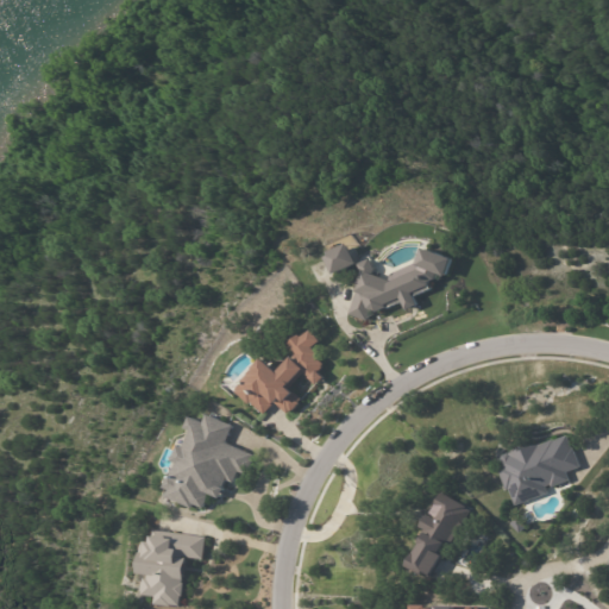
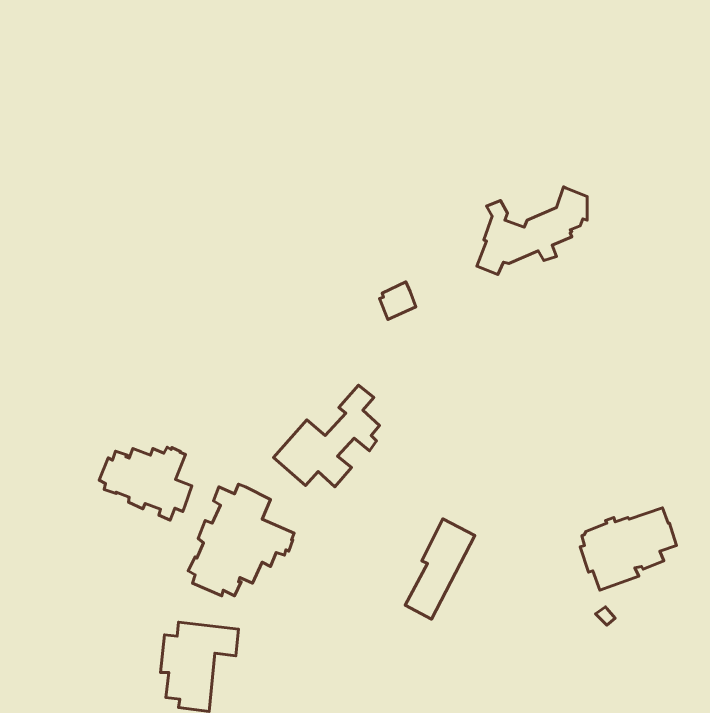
building: [350,246,444,321] -> [477,187,587,275]
building: none -> [99,447,192,520]
building: [407,492,466,578] -> [405,519,475,619]

